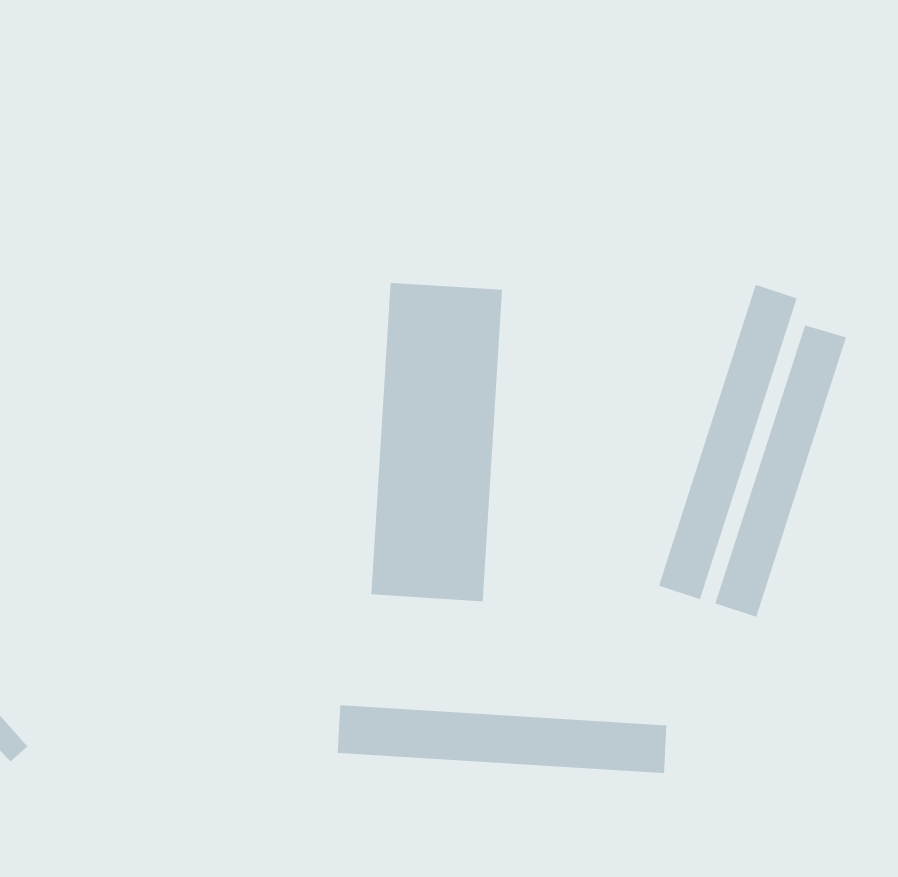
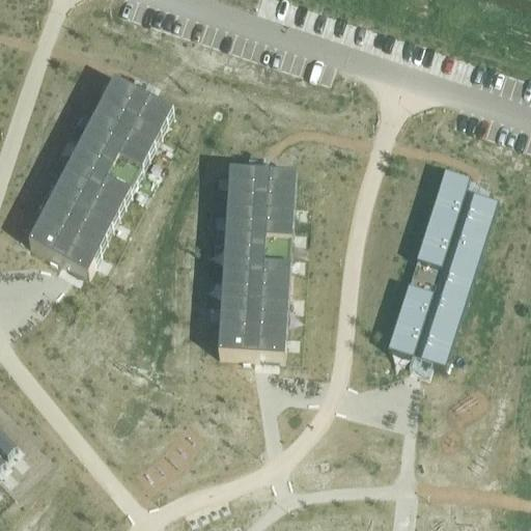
building: none -> [28,76,173,270]
building: [337,705,667,774] -> none

